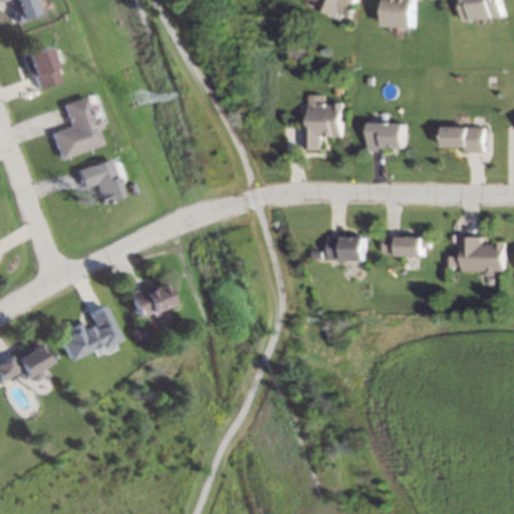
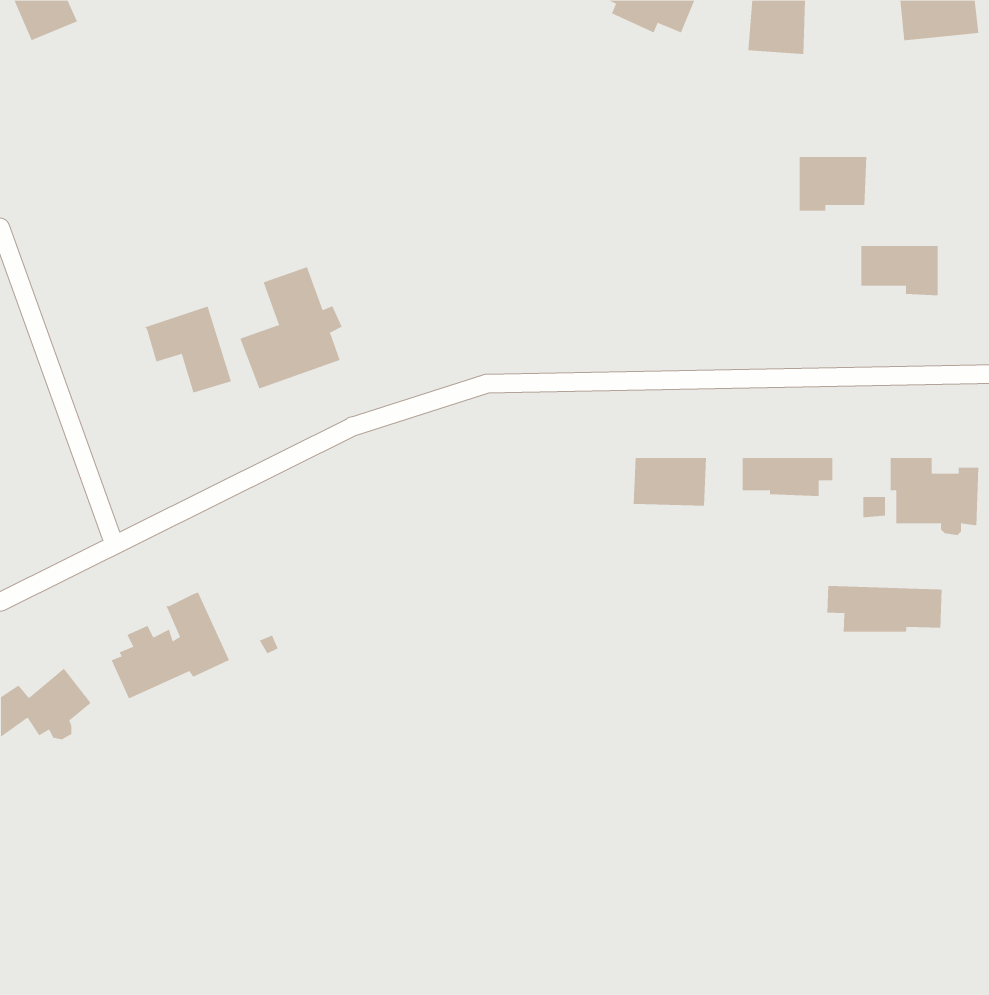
building: [22,47,60,88] -> none
building: [50,95,103,159] -> [239,267,343,389]
building: [306,102,345,149] -> none
building: [373,122,409,151] -> [799,157,867,211]
building: [130,284,174,316] -> none
building: none -> [827,585,942,632]

